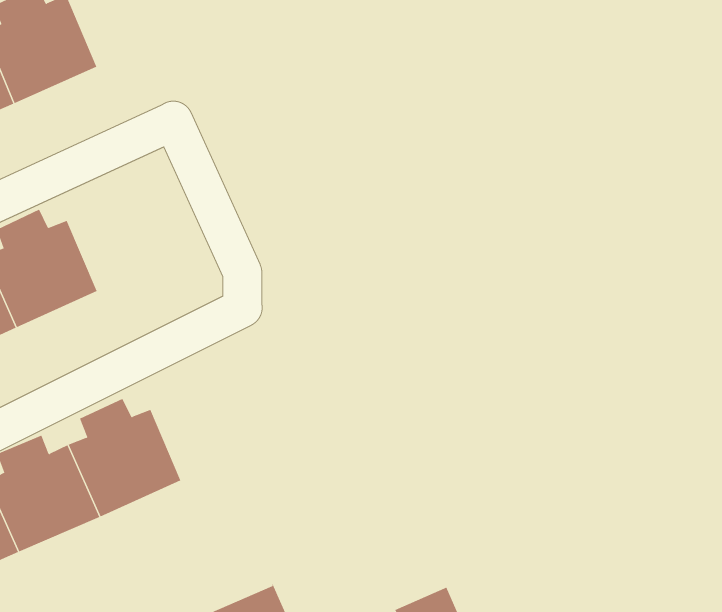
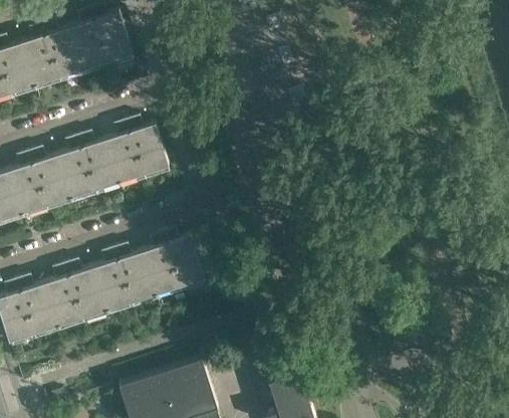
building: none -> [105,119,168,184]
building: none -> [142,230,204,296]

